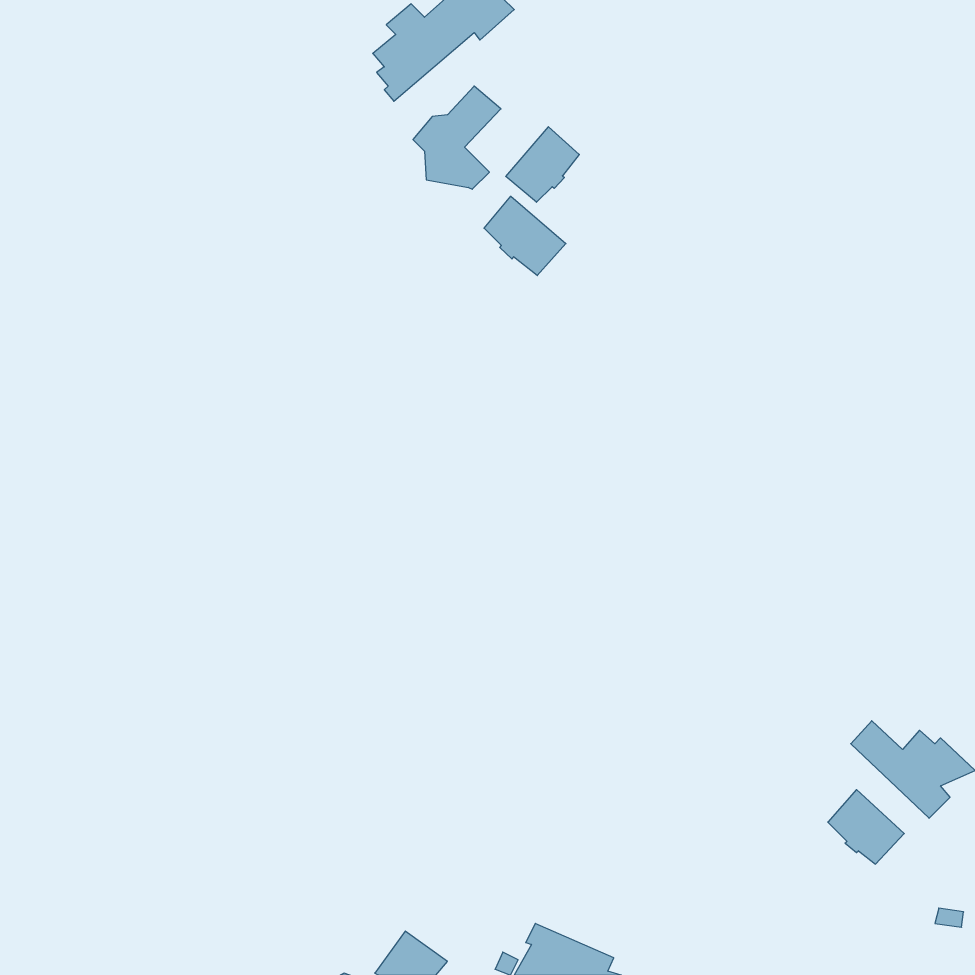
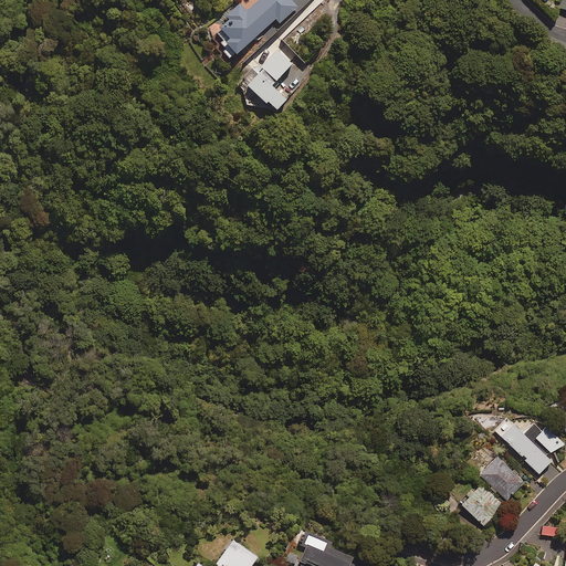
building: [506,127,579,202] -> none
building: [484,196,566,276] -> none
building: none -> [461,484,503,525]

